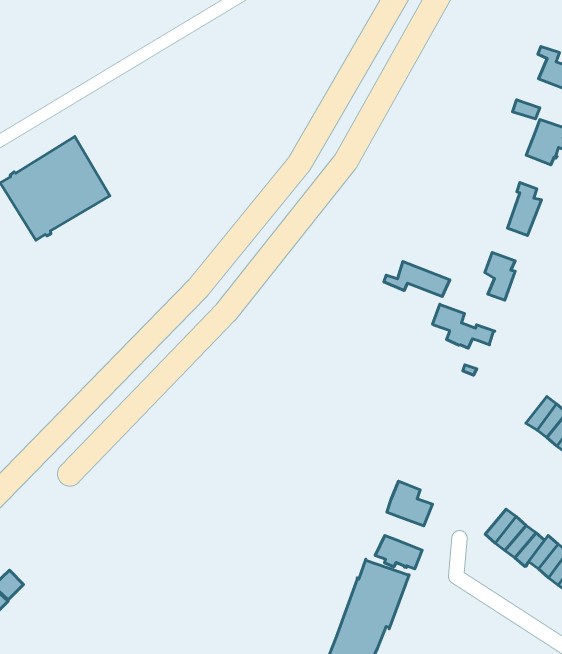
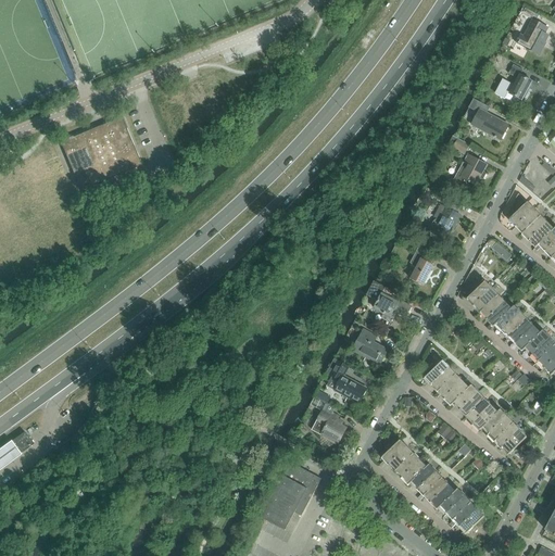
building: [384,262,450,297] -> none
building: none -> [351,328,387,364]
building: none -> [332,358,366,402]
building: [375,535,422,569] -> none

